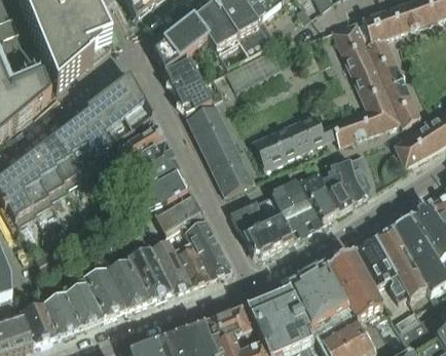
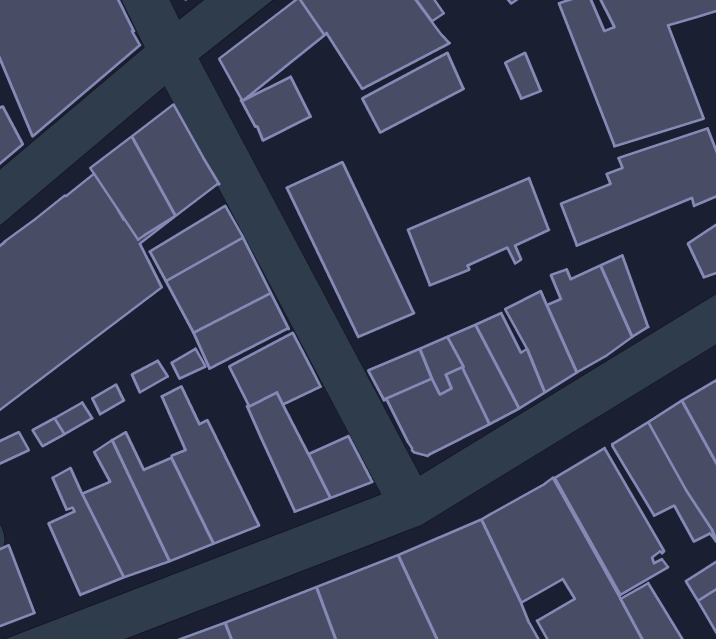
building: [176,78,211,112] -> none
building: [186,217,220,252] -> none
building: [147,231,192,289] -> none
building: [44,280,81,334] -> none

